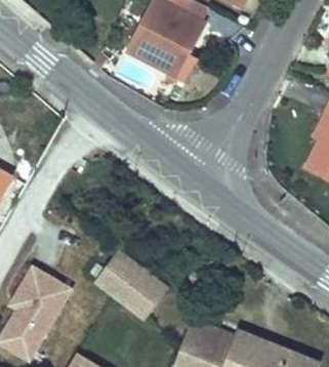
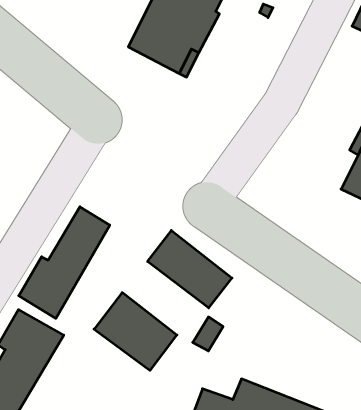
building: none -> [19,207,110,318]
building: none -> [148,230,232,308]

